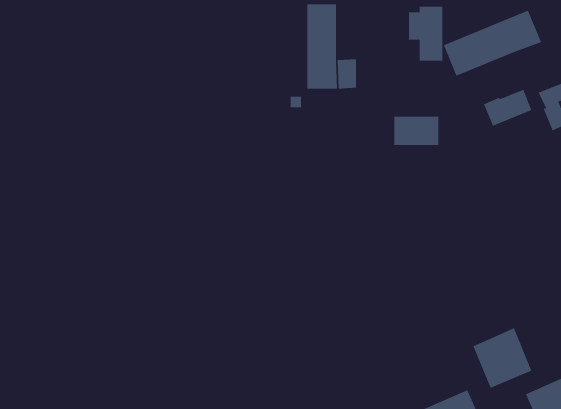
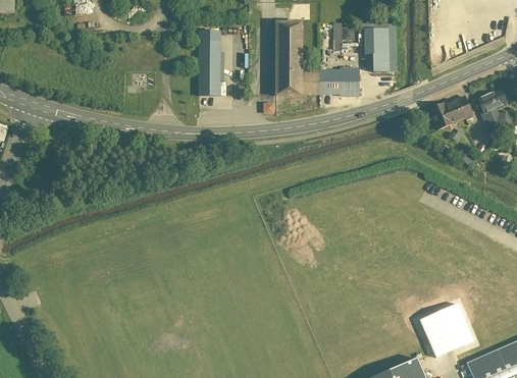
building: none -> [332,21,353,45]
building: [443,10,542,76] -> none
building: none -> [198,38,221,93]
building: [394,116,439,146] -> [320,68,360,94]

